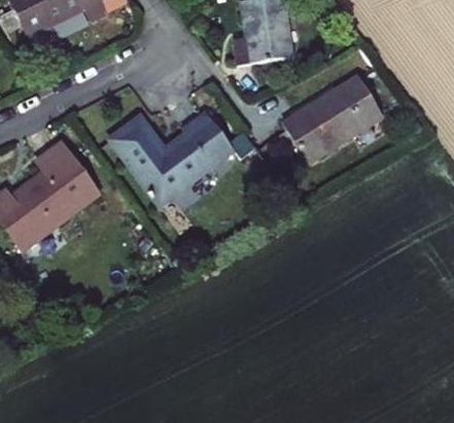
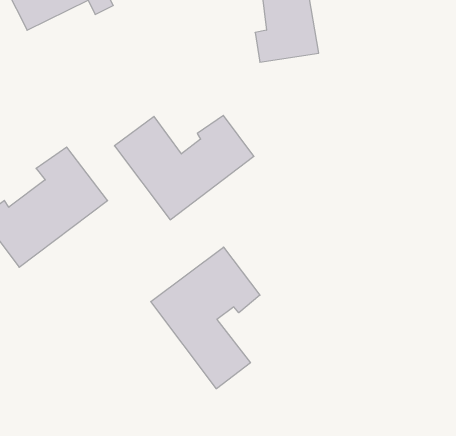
building: [284,76,383,162] -> none
building: none -> [151,247,260,389]

